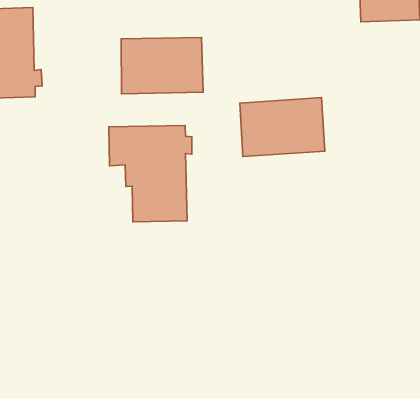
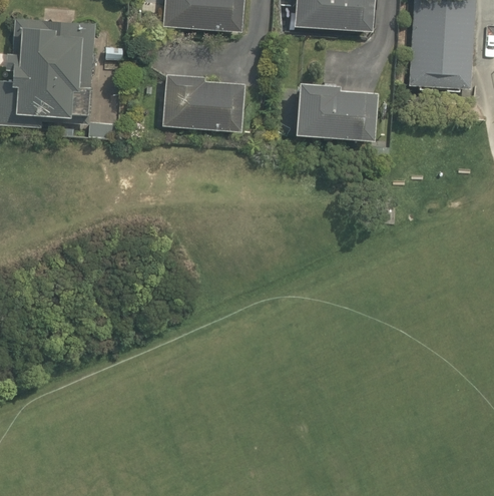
building: [240,97,325,157] -> [298,85,382,142]
building: [109,125,192,222] -> none

